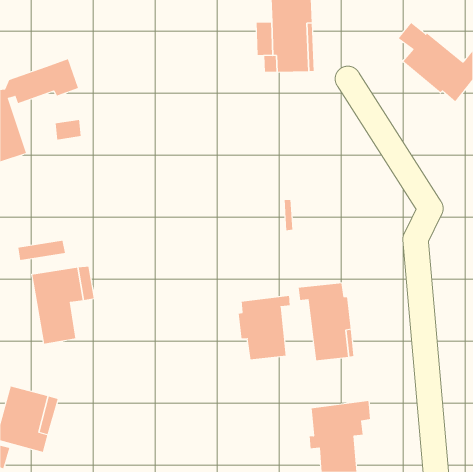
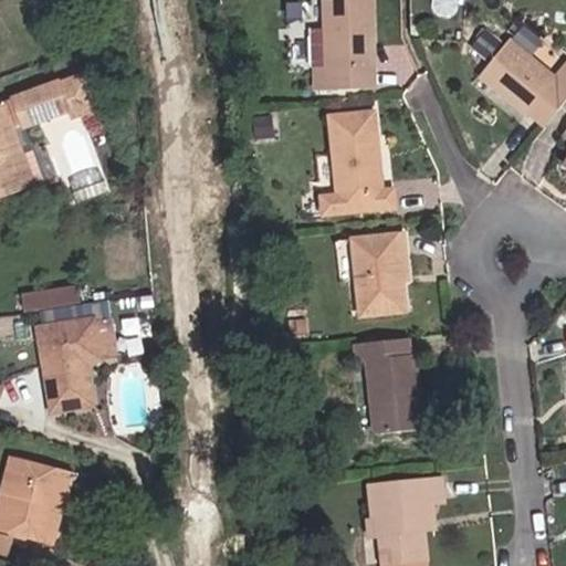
building: none -> [325,112,392,213]
building: none -> [353,233,407,314]
building: [238,295,290,360] -> none

